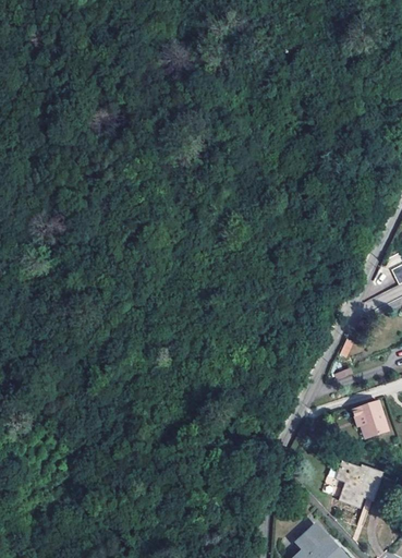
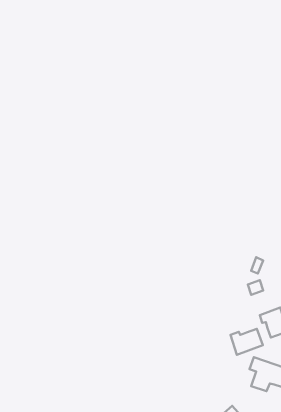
building: none -> [230,329,263,355]

